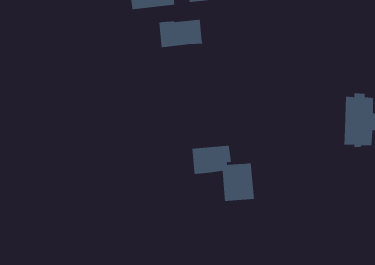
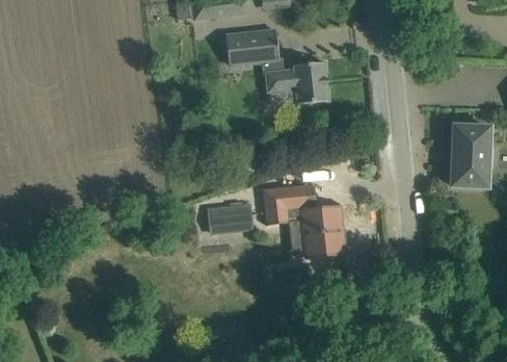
building: none -> [263,60,328,103]
building: none -> [207,203,252,234]

